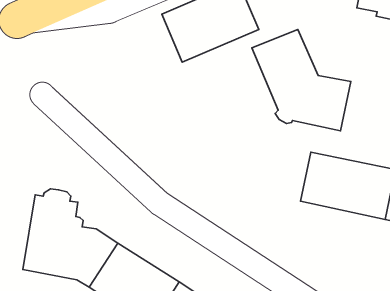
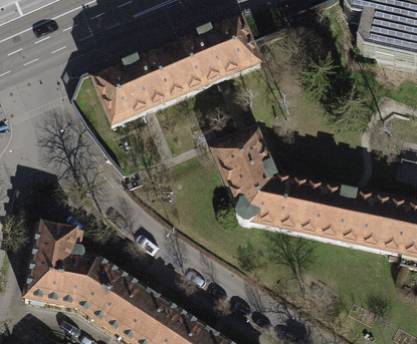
building: none -> [90,46,184,124]
building: [252,30,351,131] -> [213,130,310,230]

